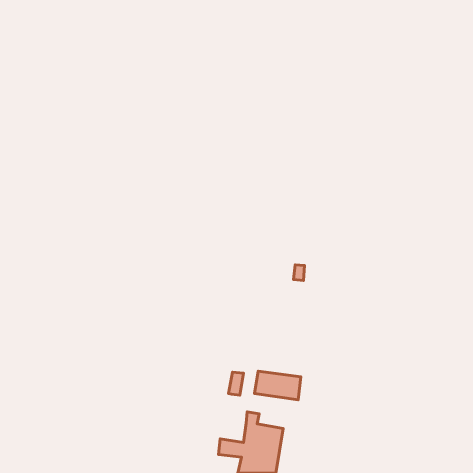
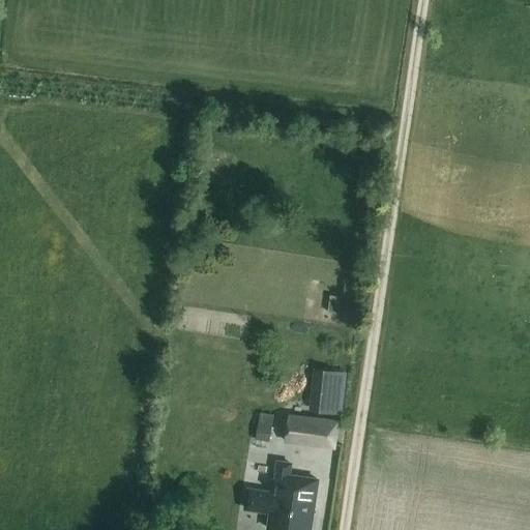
building: none -> [321,365,344,407]

